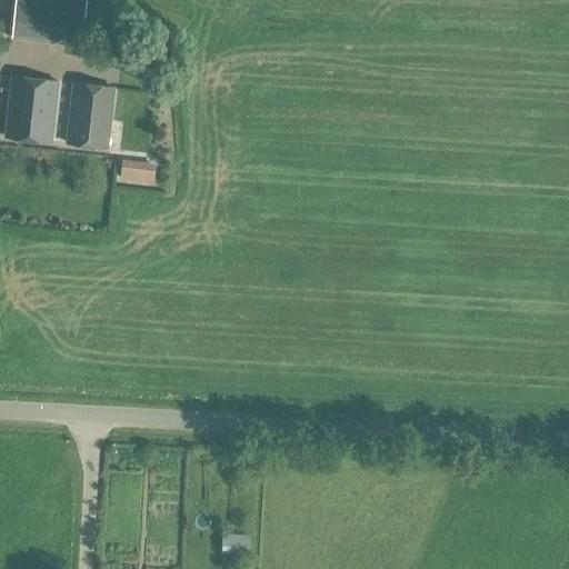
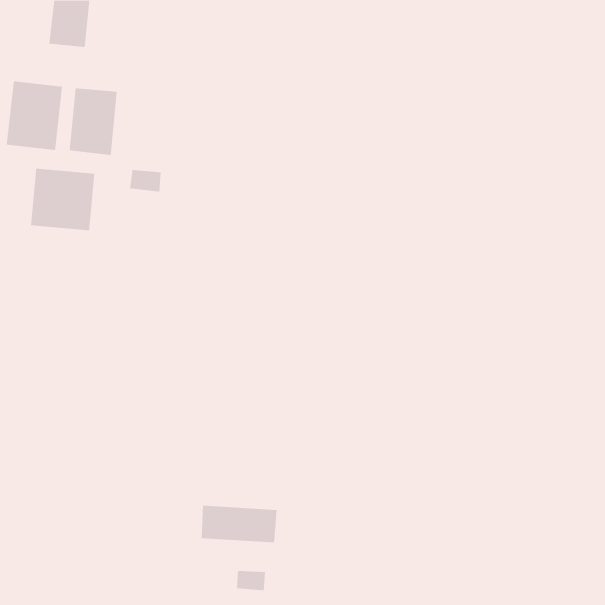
building: none -> [30,168,95,231]
building: none -> [201,505,277,543]

